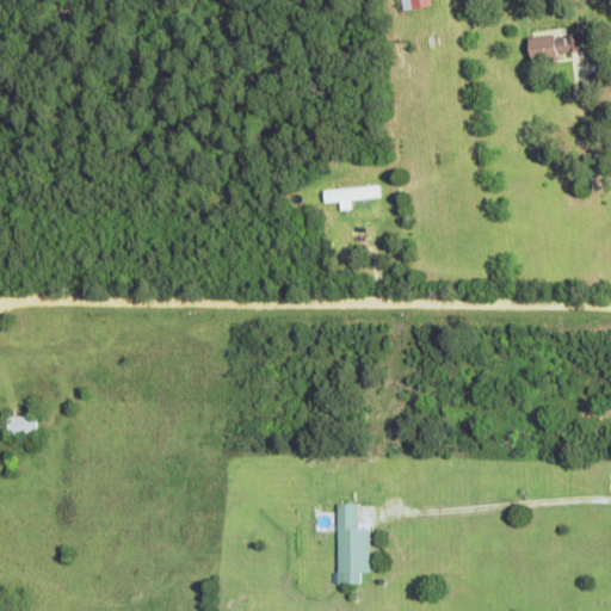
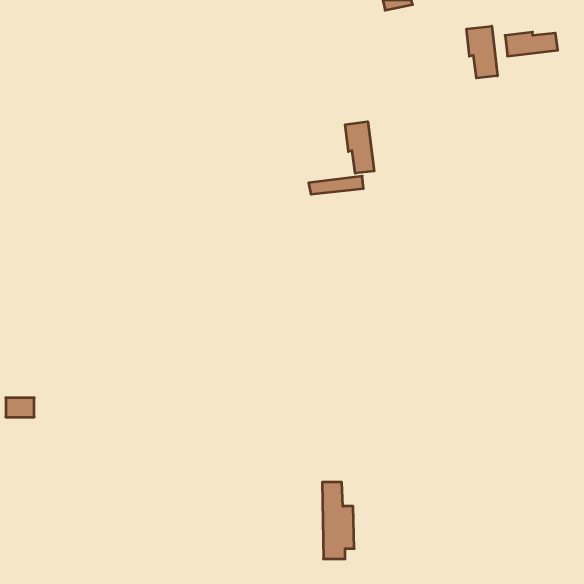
building: none -> [467,26,497,78]
building: none -> [345,122,374,173]

